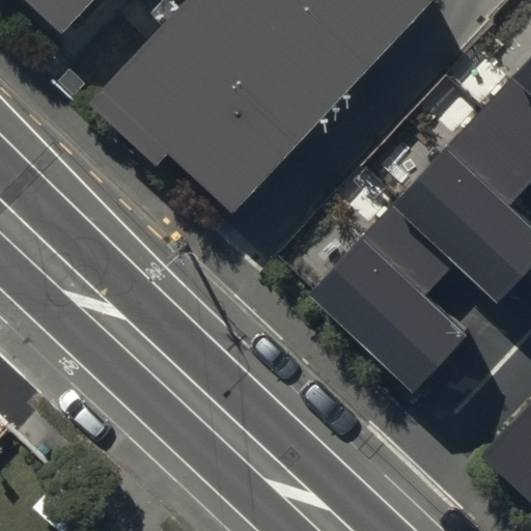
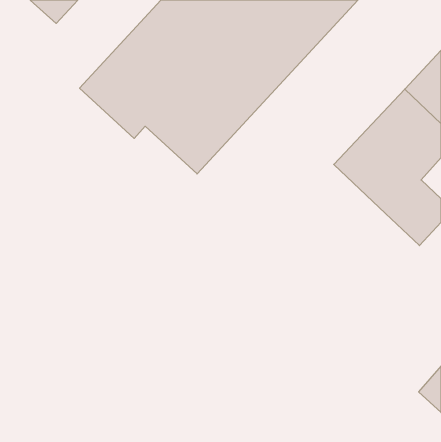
building: [311,197,464,389] -> none

